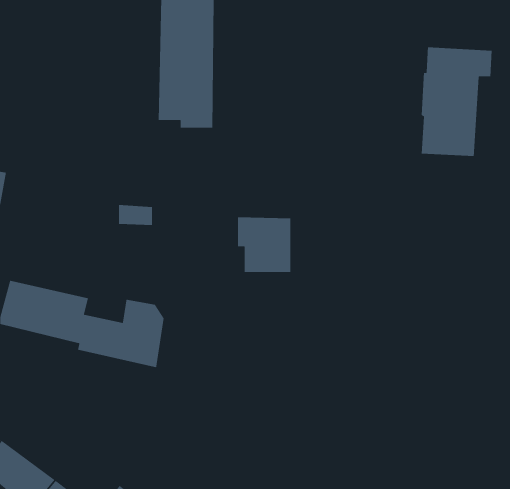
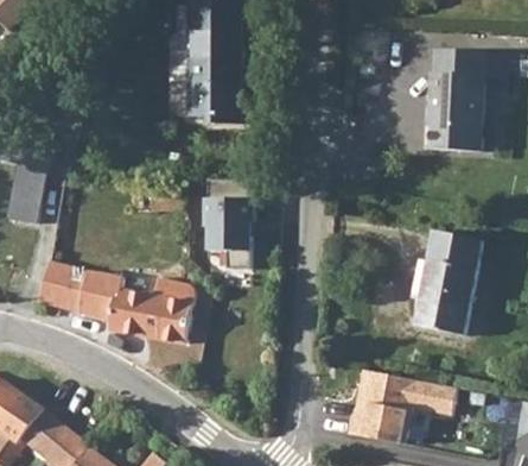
building: [237,216,291,273] -> [199,196,249,248]
building: none -> [415,229,483,333]
building: none -> [348,369,457,442]

